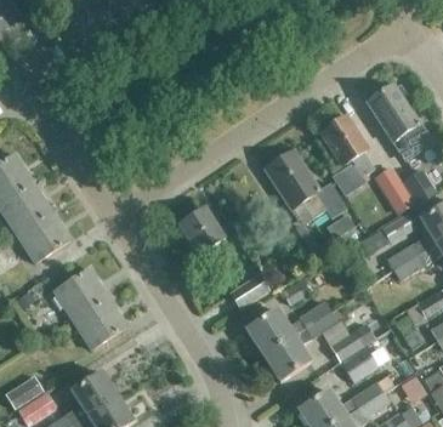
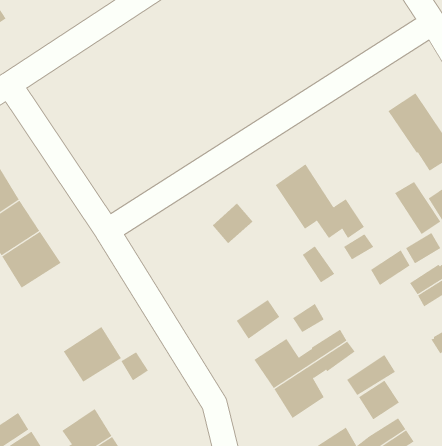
building: [320,115,375,176] -> none
building: [178,207,234,264] -> none
building: [55,267,108,319] -> none

